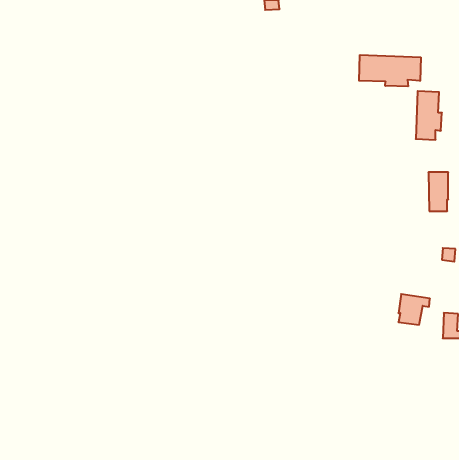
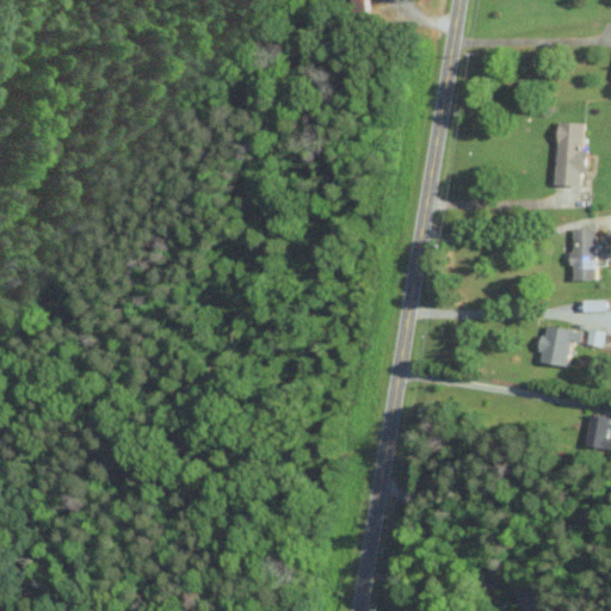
building: [359,55,421,86] -> none
building: [398,294,430,325] -> [539,326,581,366]

